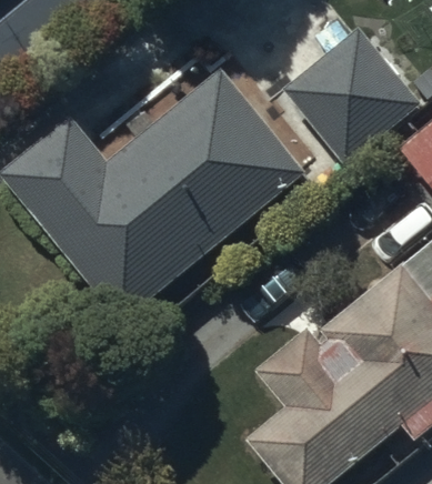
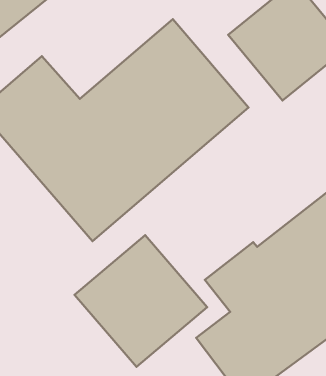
building: none -> [75,235,207,367]

